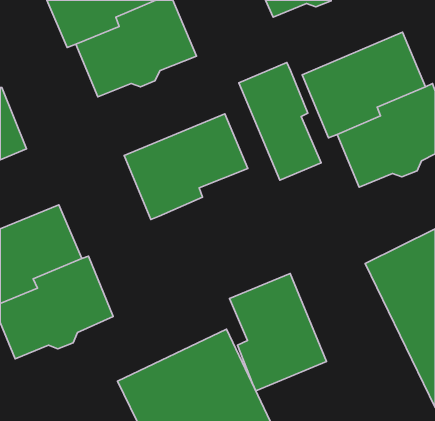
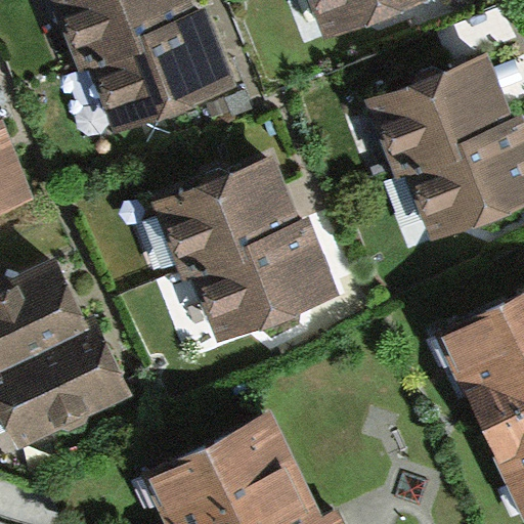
building: [239,62,321,180] -> none
building: none -> [191,215,337,340]
building: [229,274,327,391] -> none

